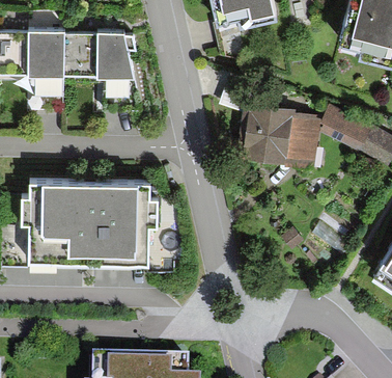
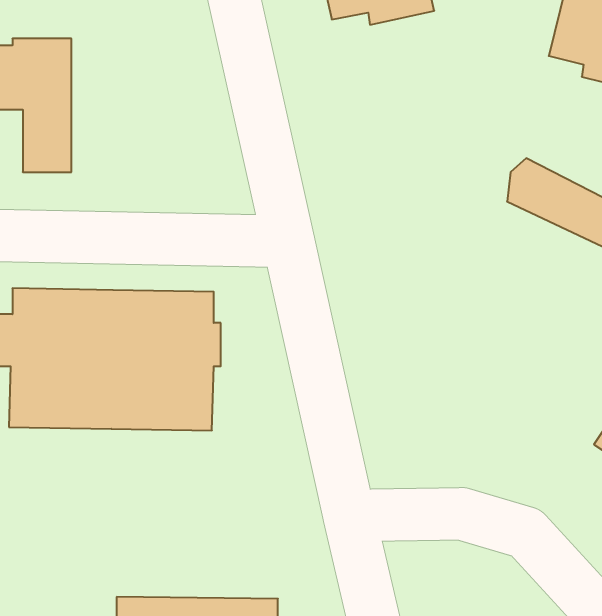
building: [59,28,132,107] -> none
building: [247,98,321,155] -> none

